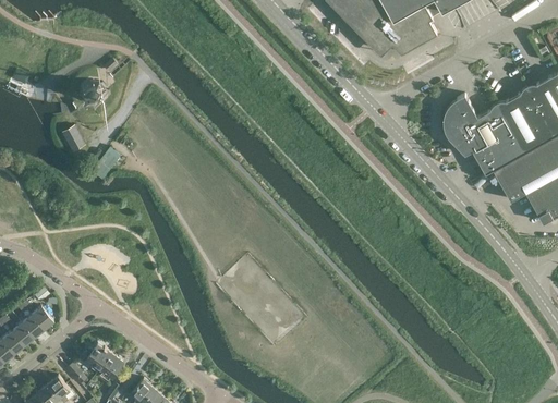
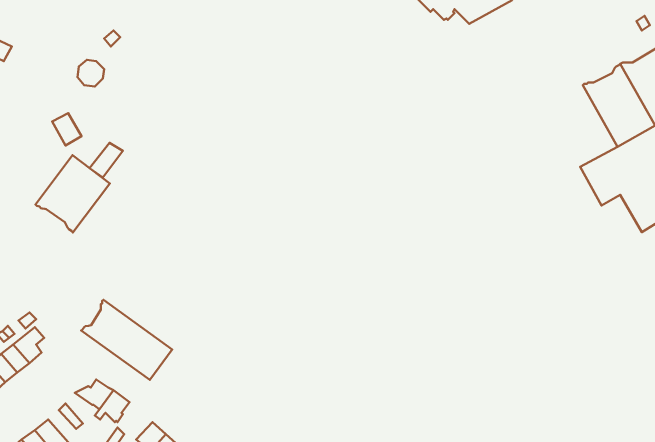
building: [440,95,522,174] -> none
building: none -> [36,155,110,233]
building: none -> [81,300,172,380]

